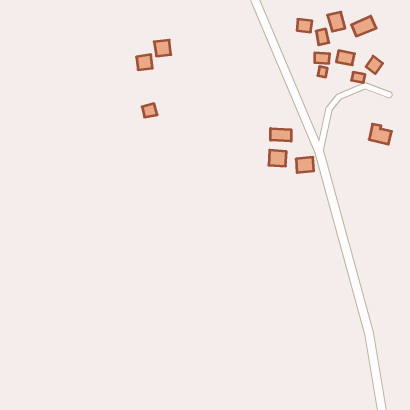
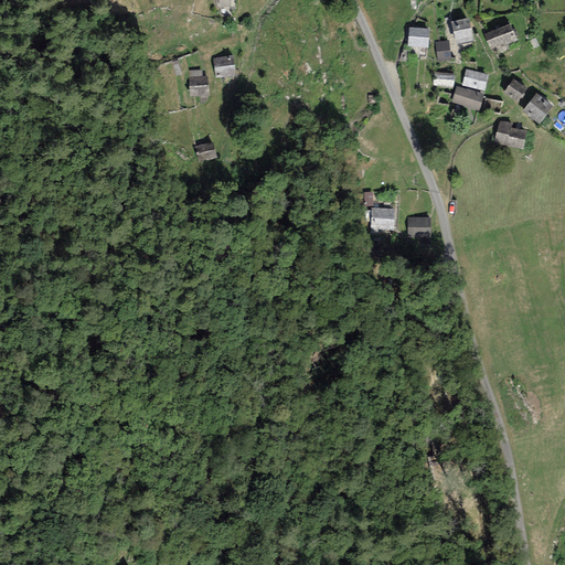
building: none -> [451,85,483,109]
building: none -> [522,93,554,125]
building: [369,124,392,144] -> [495,121,526,149]
building: [271,128,291,141] -> none

